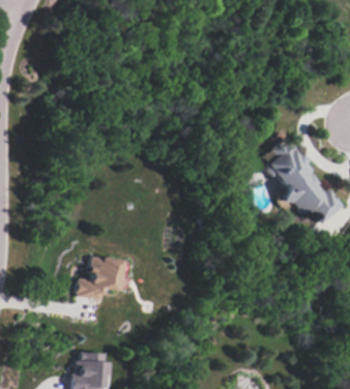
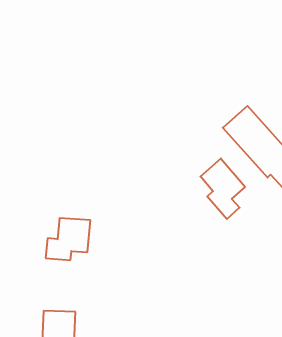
building: none -> [200,158,245,219]

